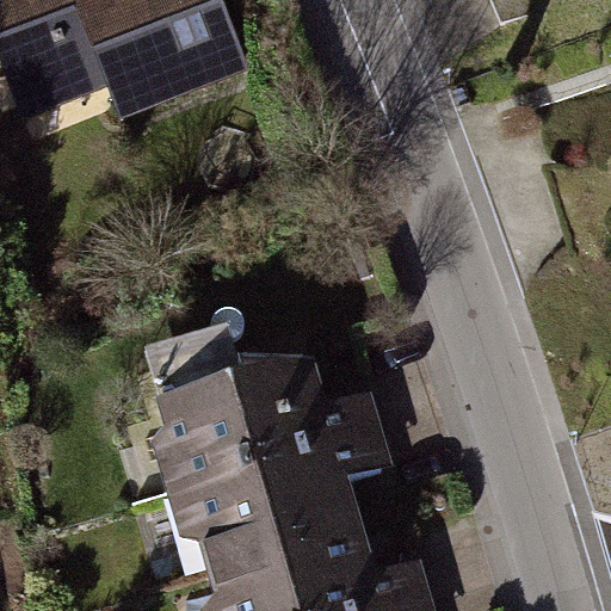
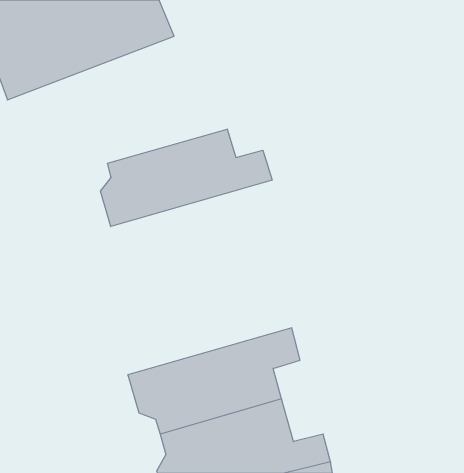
building: none -> [101,129,272,227]
building: [153,359,376,483] -> none

